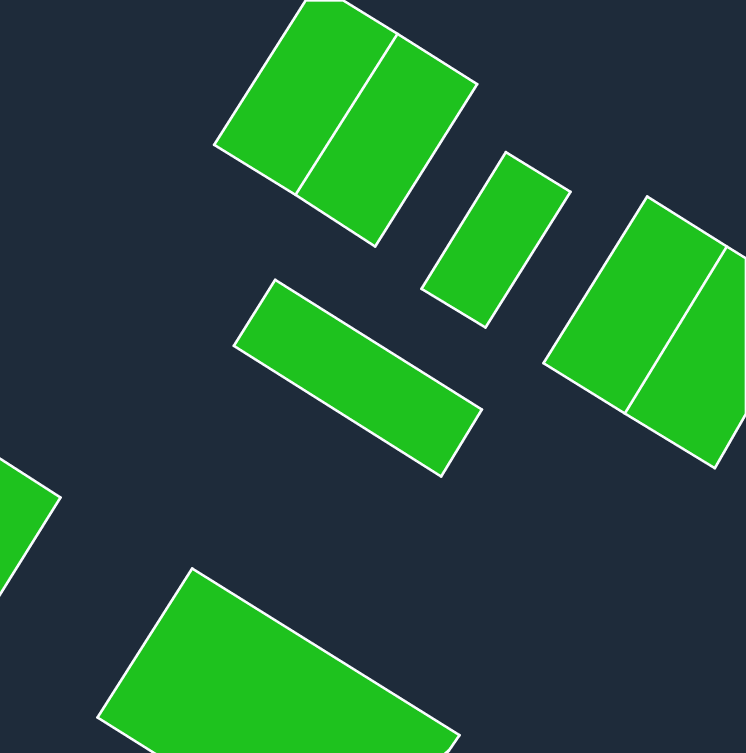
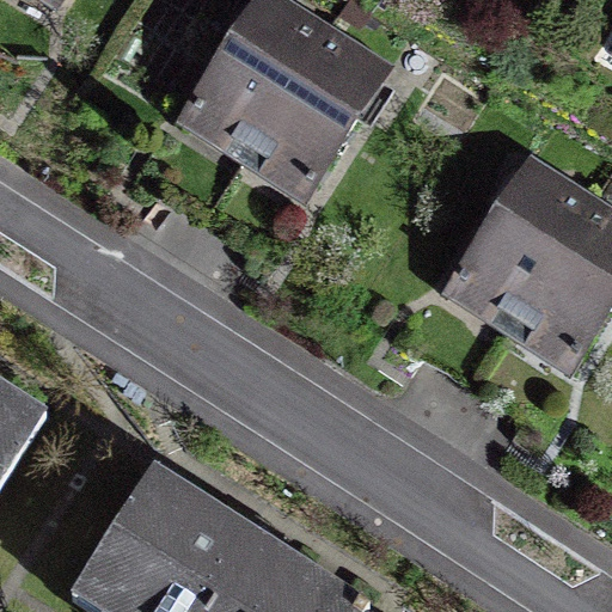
building: [421,152,570,328] -> none
building: [234,280,482,477] -> none

